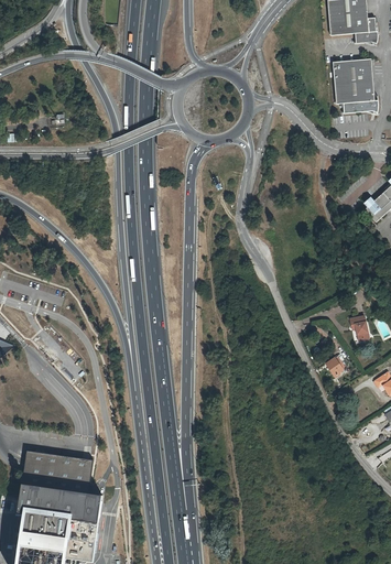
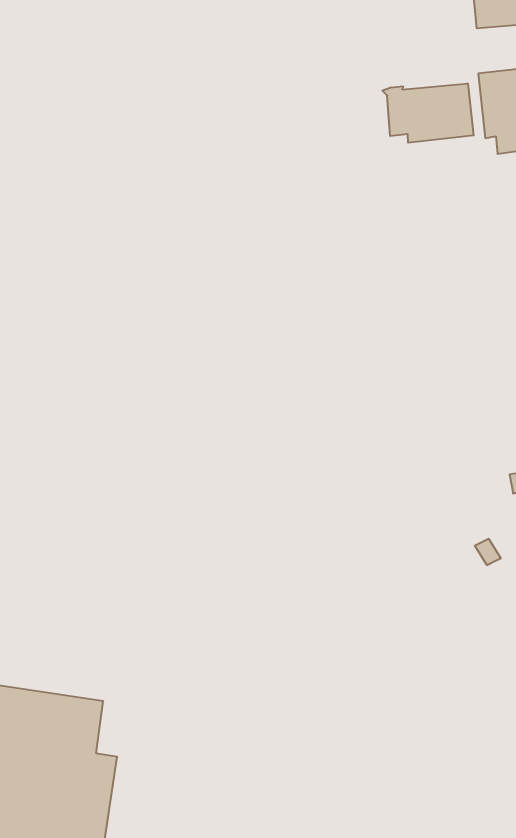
building: none -> [382,83,474,143]

